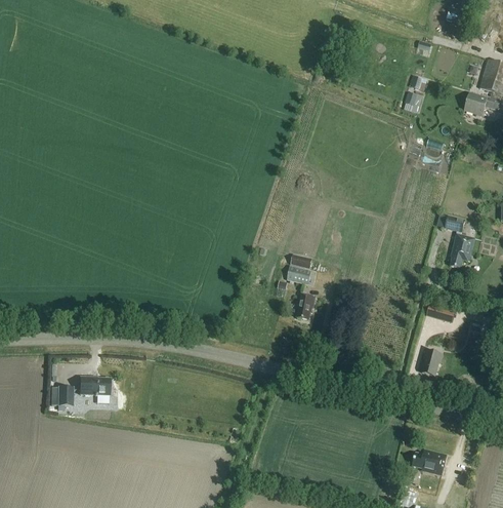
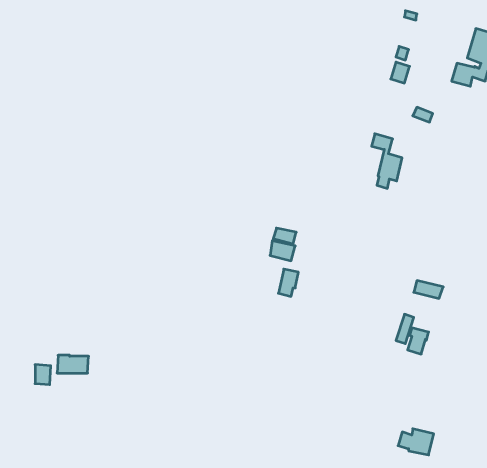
building: [445,217,474,270] -> [372,134,402,188]

